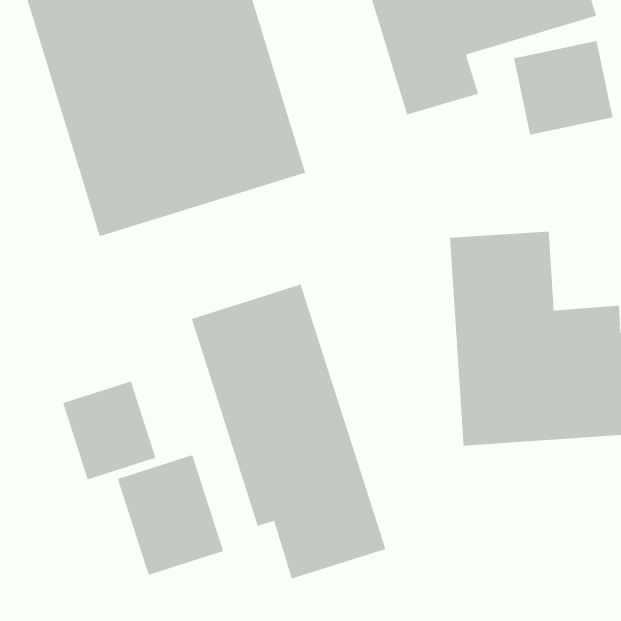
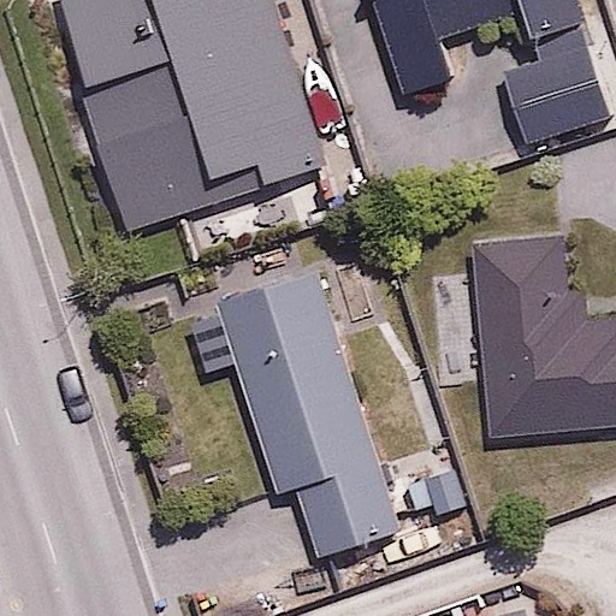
building: [62,380,157,481] -> none
building: [117,454,224,576] -> none

